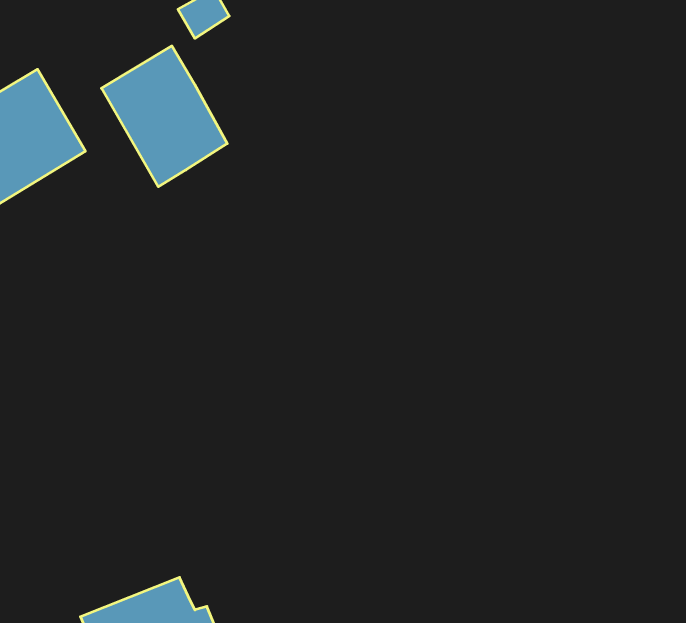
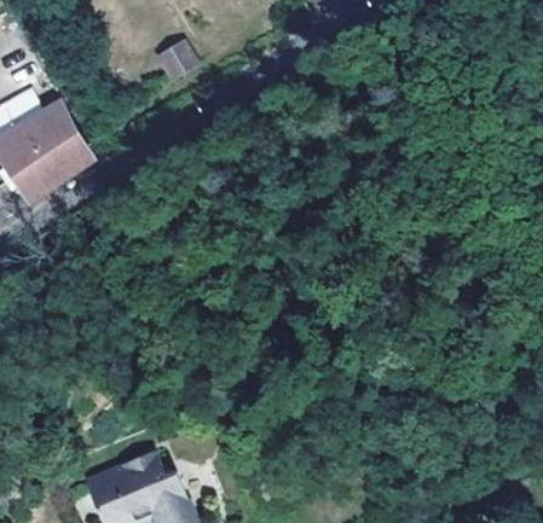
building: [101,46,227,187] -> none

